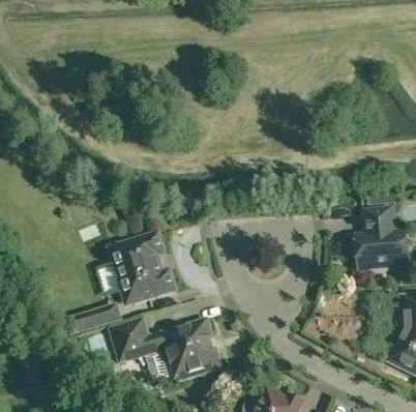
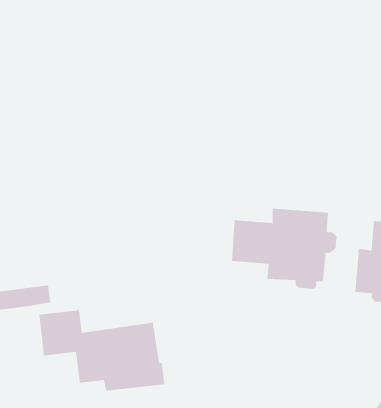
building: none -> [232,208,337,290]
building: [107,232,176,305] -> none

